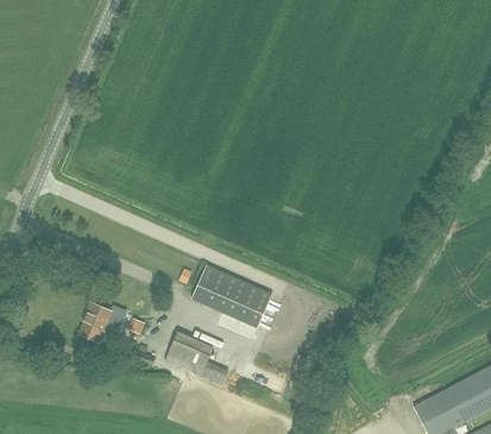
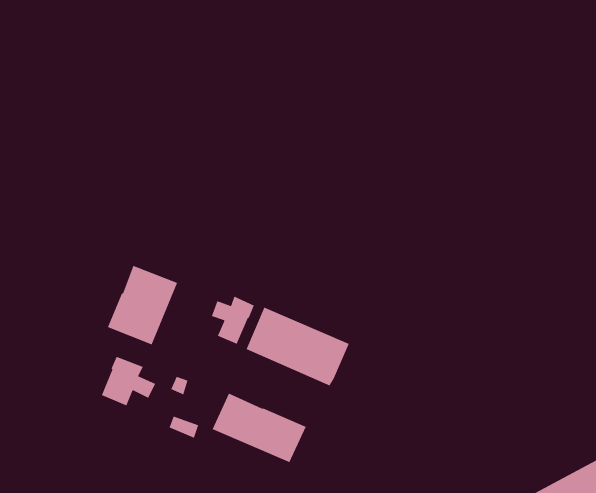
building: none -> [107,265,178,345]
building: none -> [211,295,255,345]

